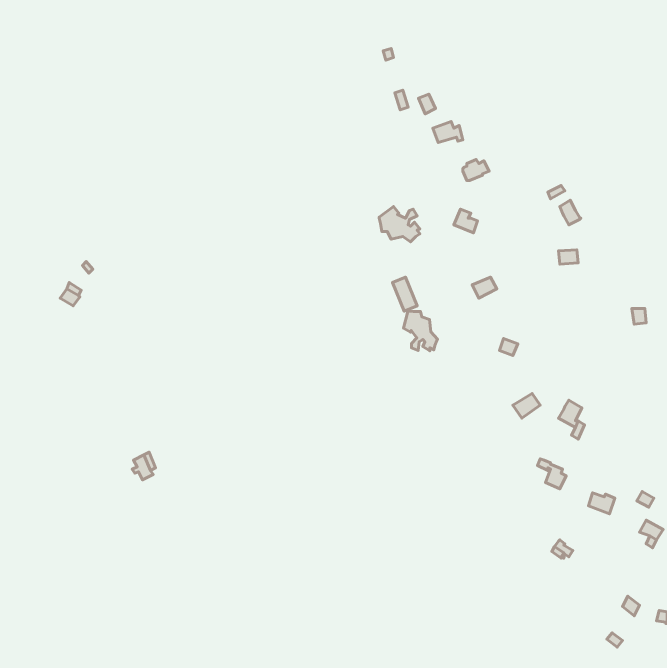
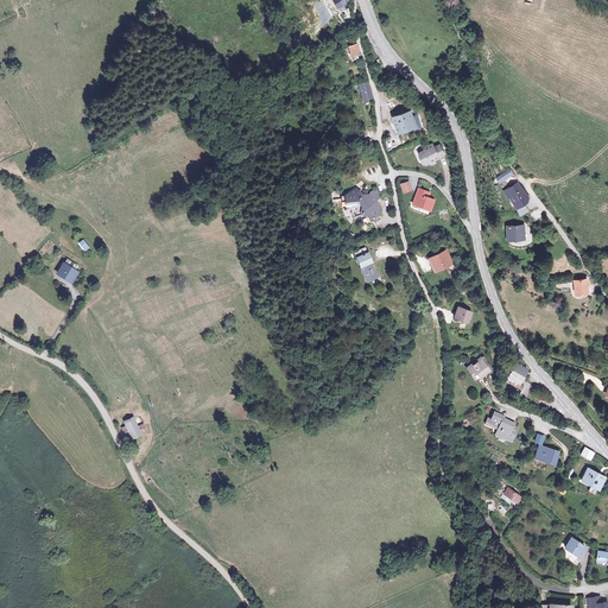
building: [404,311,438,351] -> none

